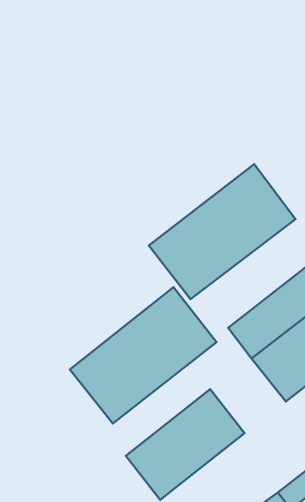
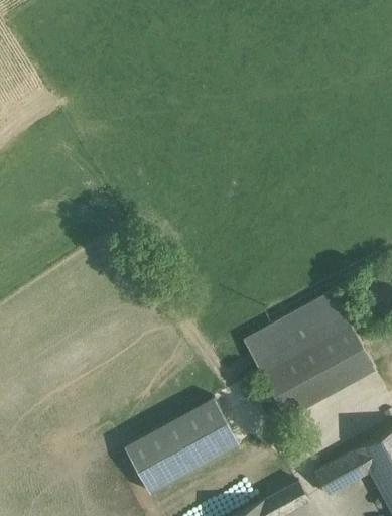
building: [149,164,295,299] -> none
building: [70,287,216,423] -> none

